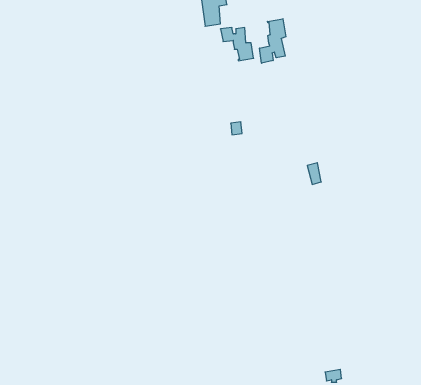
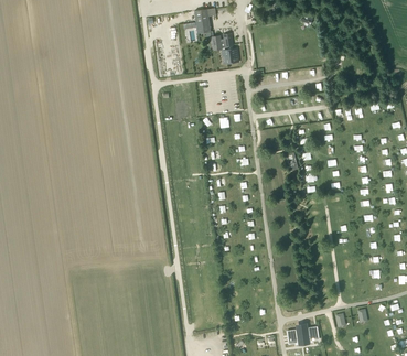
building: [260,19,286,63] -> none

